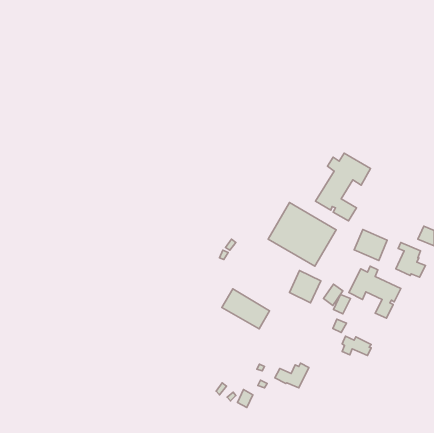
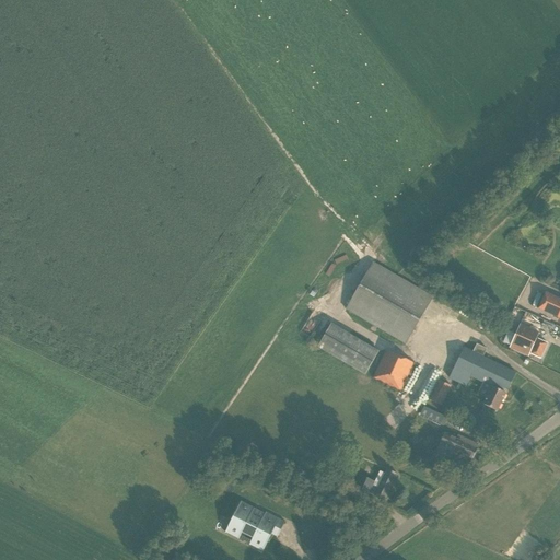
building: [316,153,371,221] -> none
building: [354,230,387,260] -> none
building: [222,289,269,329] -> [316,322,377,373]
building: none -> [224,500,284,550]

